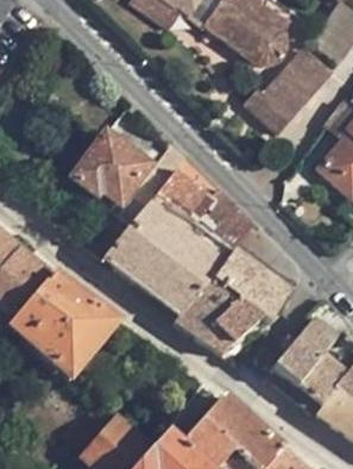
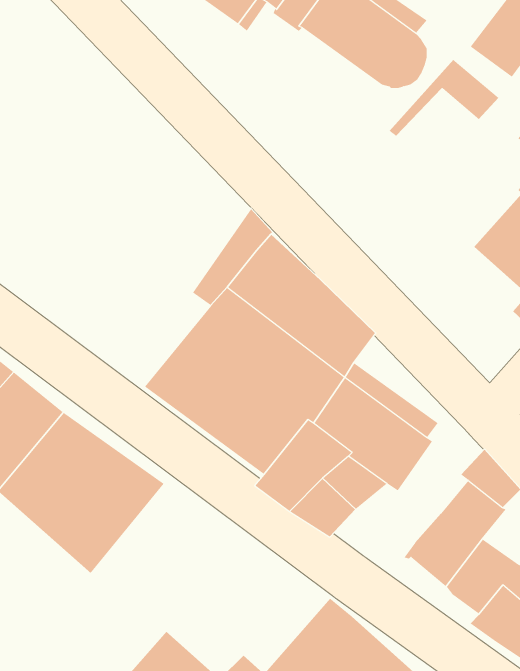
building: [244,64,320,131] -> none
building: [73,133,158,205] -> none

